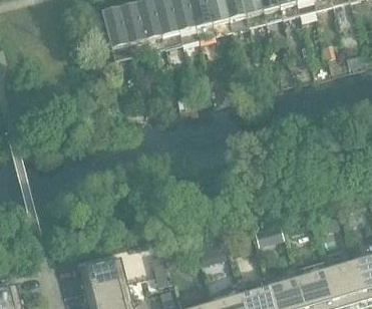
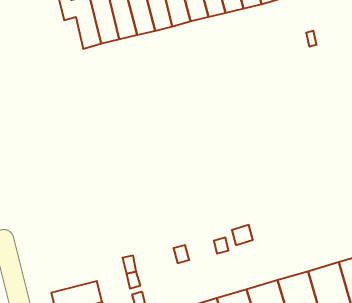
building: [77,253,126,288] -> none

